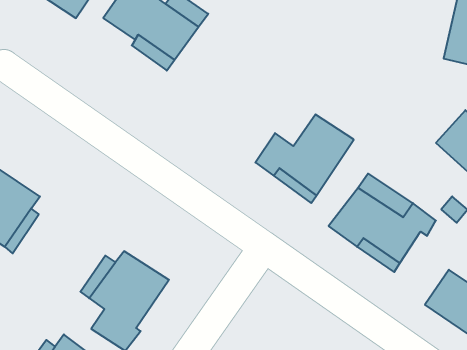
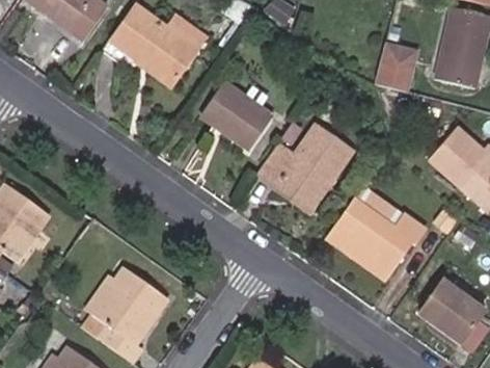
building: none -> [373,42,421,96]
building: none -> [197,83,267,150]

